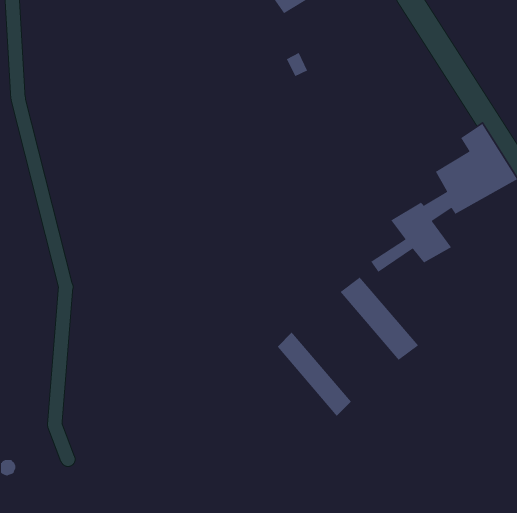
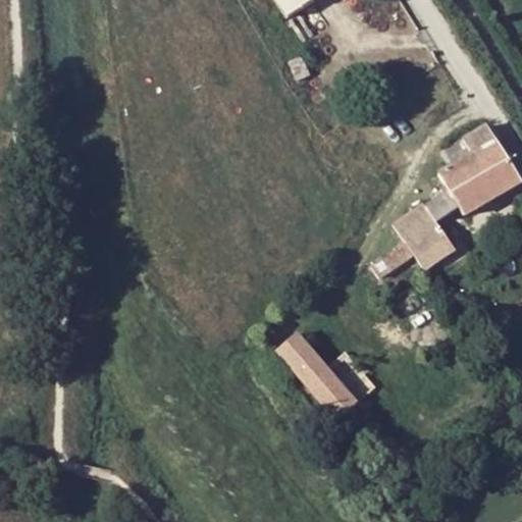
building: [339,276,419,361] -> none

